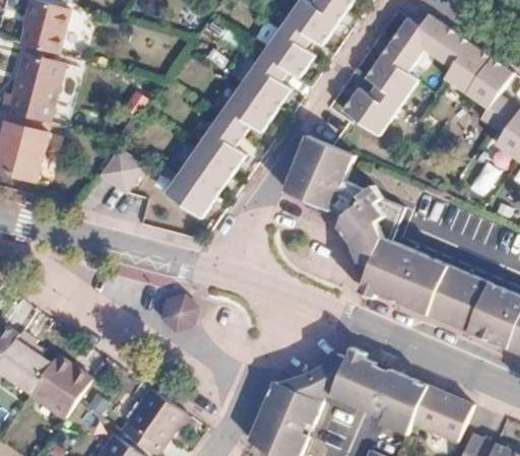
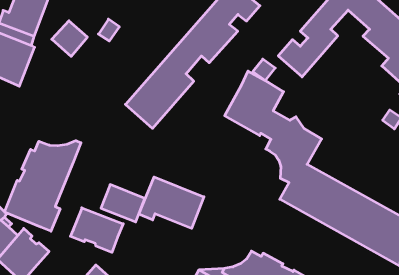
building: [101,149,143,192] -> [52,21,87,56]
building: none -> [5,141,81,231]
building: none -> [139,177,204,228]
building: none -> [70,208,123,252]

